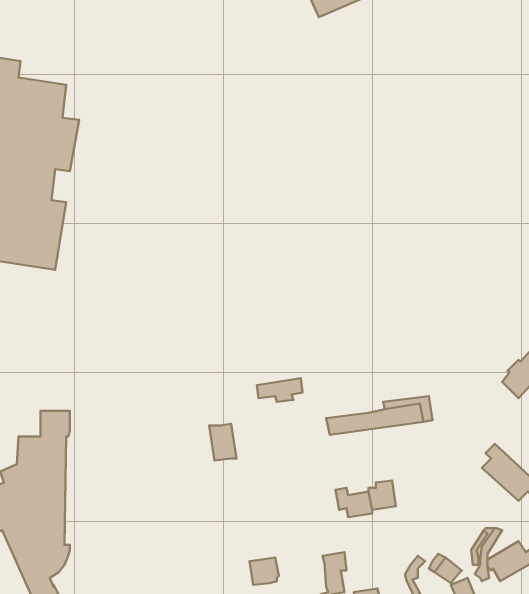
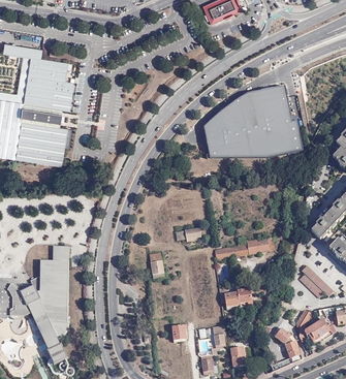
building: none -> [203,83,303,154]

